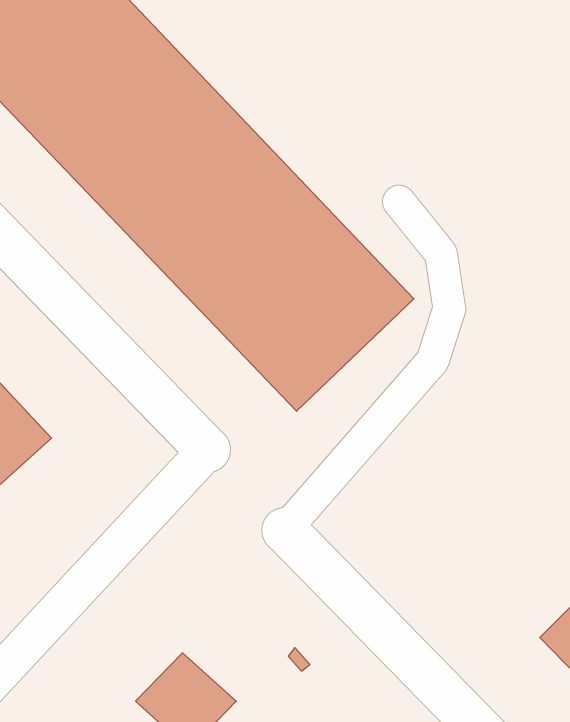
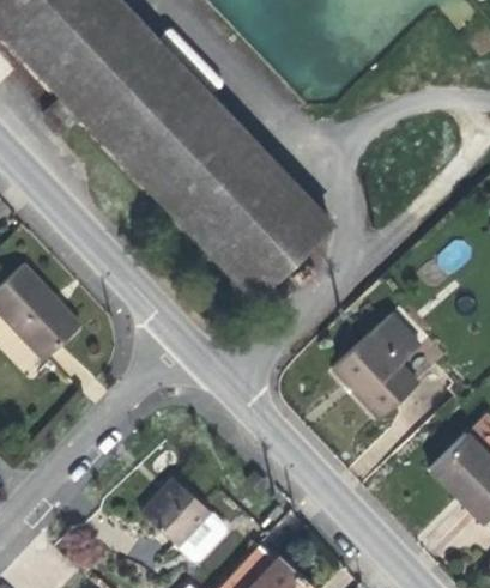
building: none -> [333,313,422,418]

